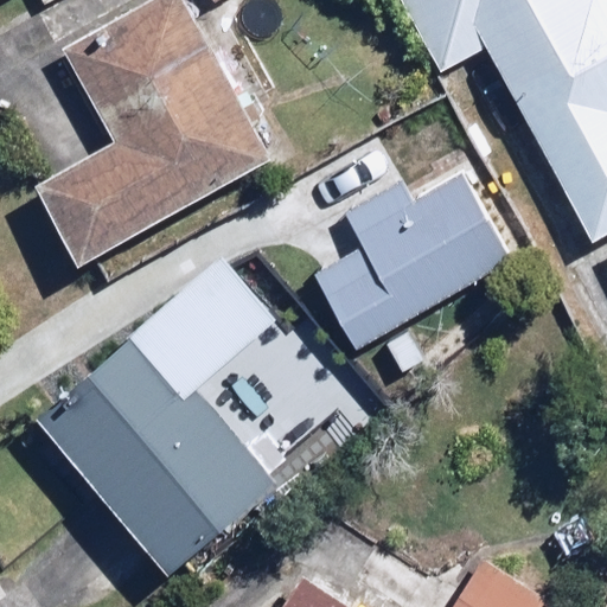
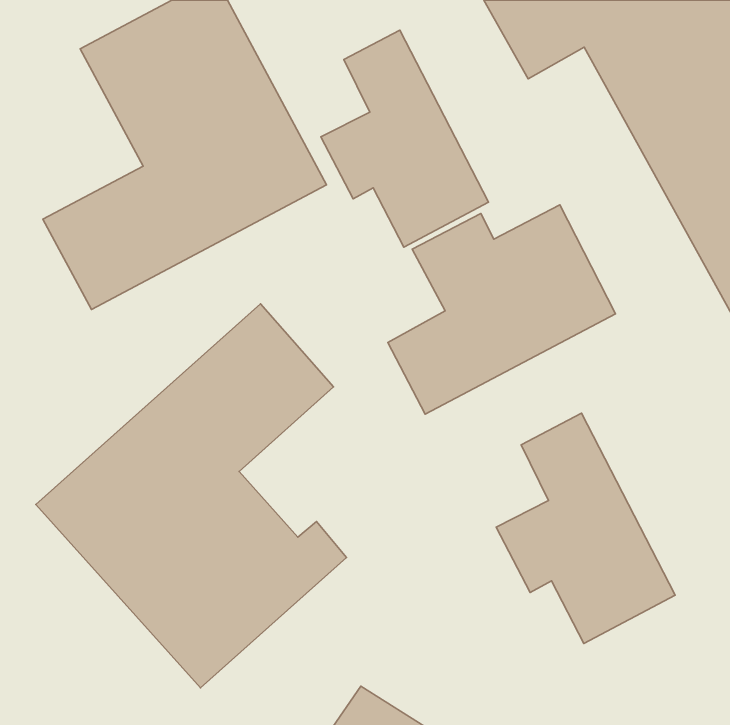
building: none -> [321,30,489,247]
building: none -> [496,413,675,643]

